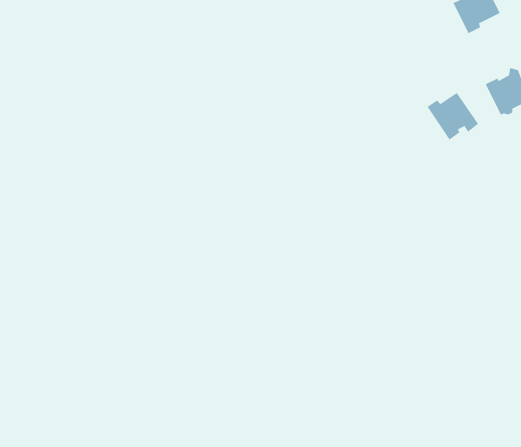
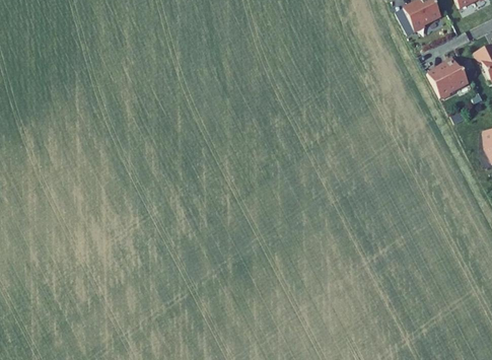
building: [427,92,479,141] -> none

